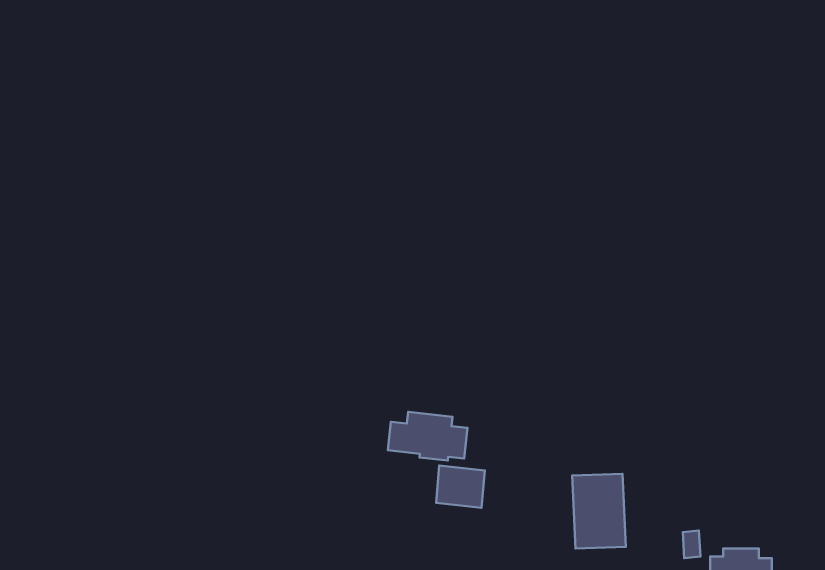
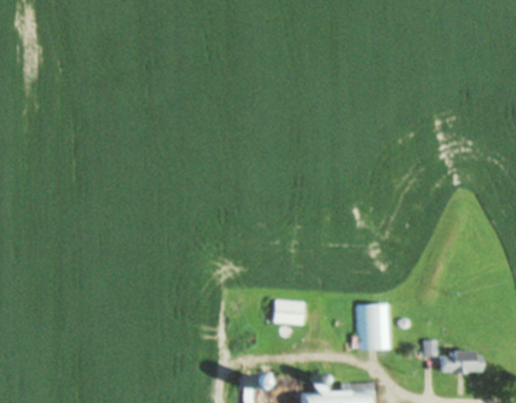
building: [388,412,467,461] -> none

